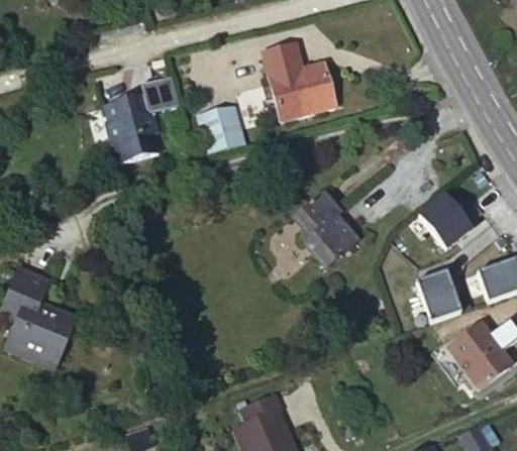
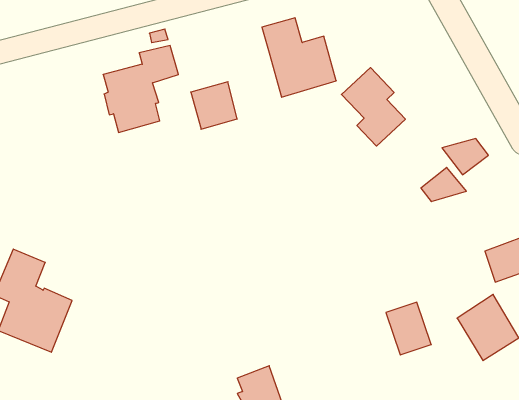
building: [292,182,354,258] -> [341,68,405,146]
building: [428,214,474,249] -> [442,139,488,175]
building: [419,271,463,323] -> [386,302,431,355]

